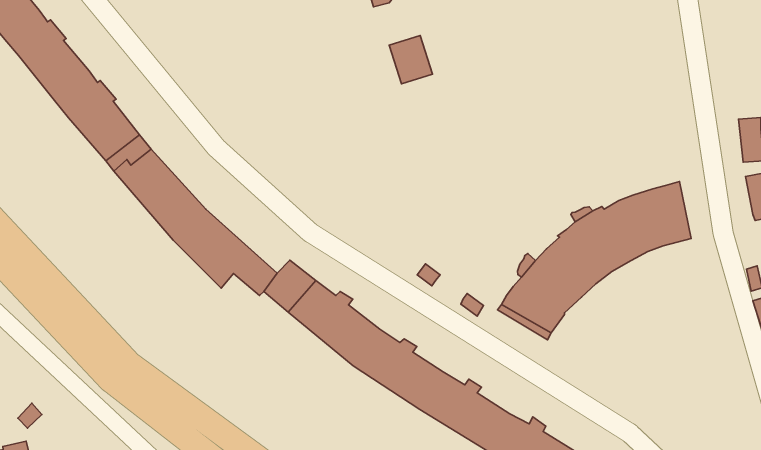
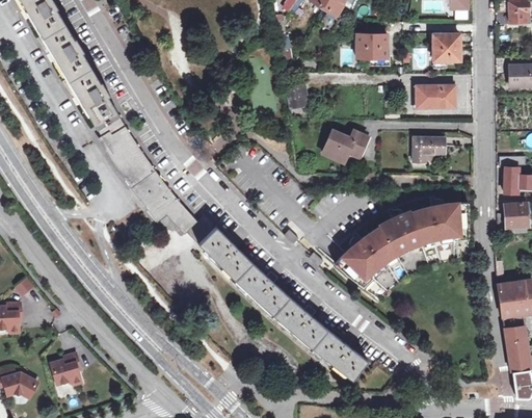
building: none -> [417,86,458,111]
building: none -> [411,136,443,161]
building: none -> [322,129,368,162]

